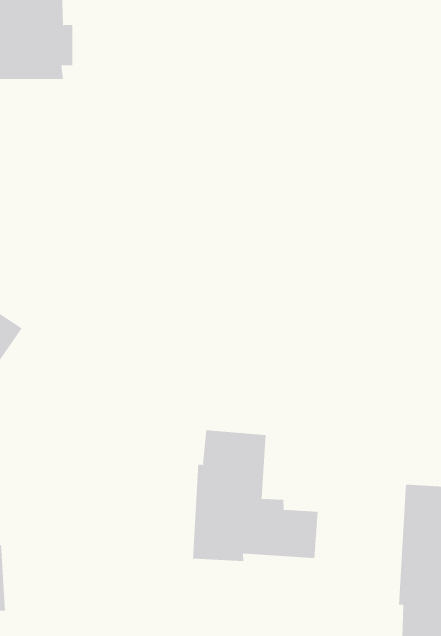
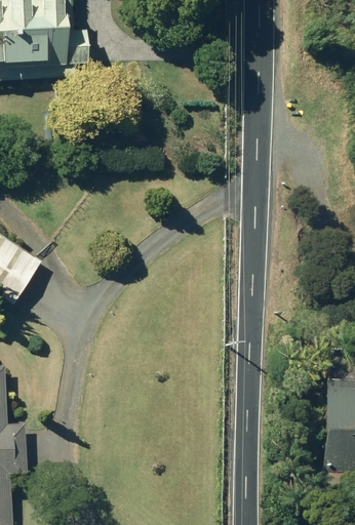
building: [193,430,318,562] -> none

